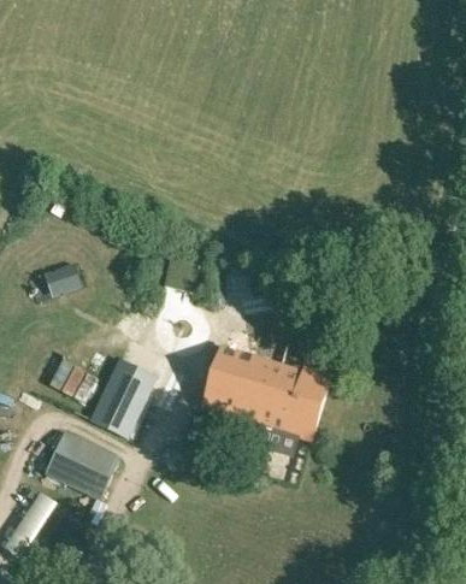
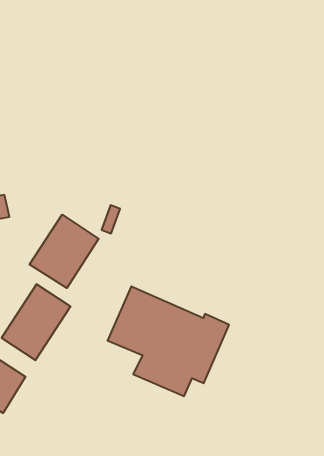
building: none -> [30,215,99,288]

